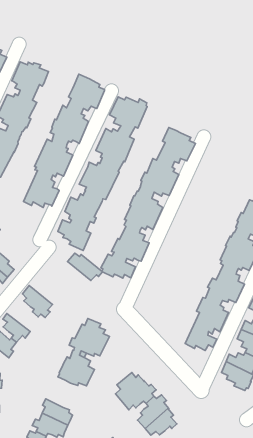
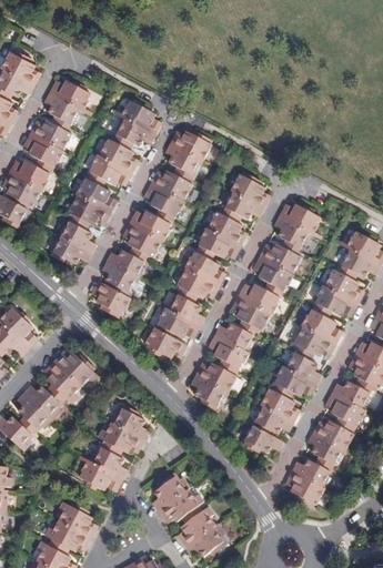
building: none -> [189,203,320,410]
building: [67,253,103,281] -> [50,349,93,385]
building: none -> [20,385,59,417]

